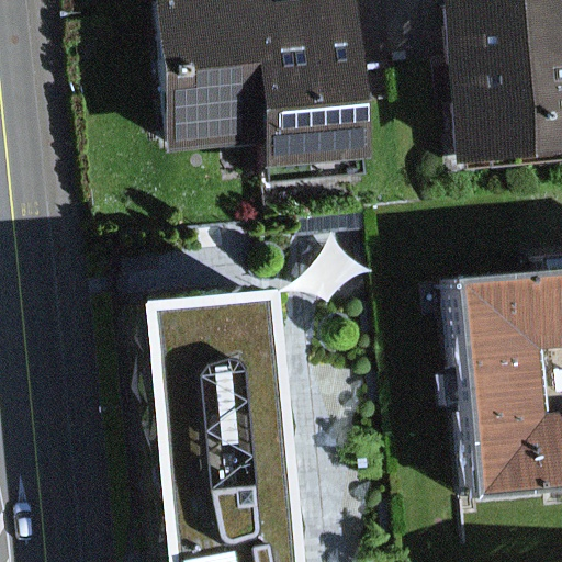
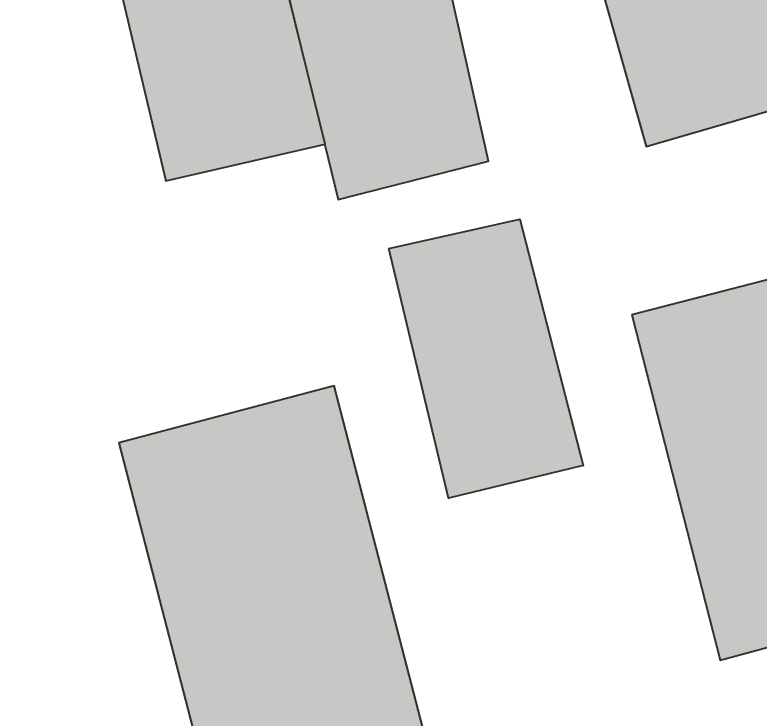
building: none -> [389,219,583,498]

